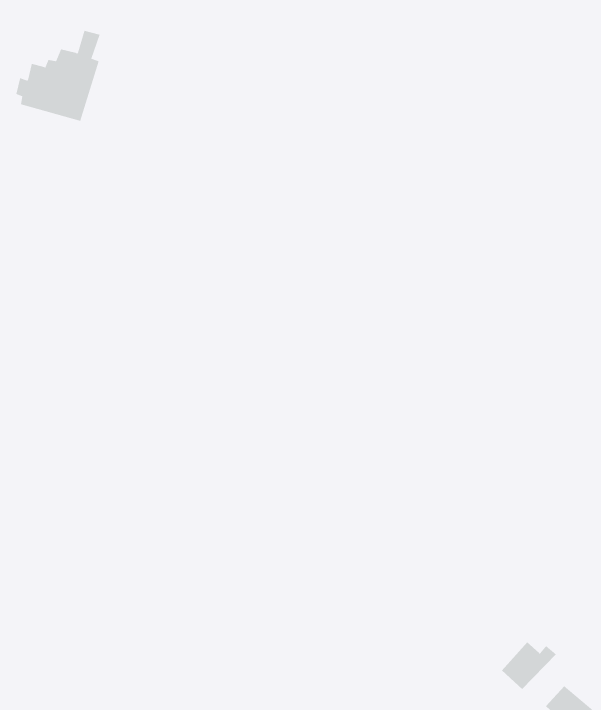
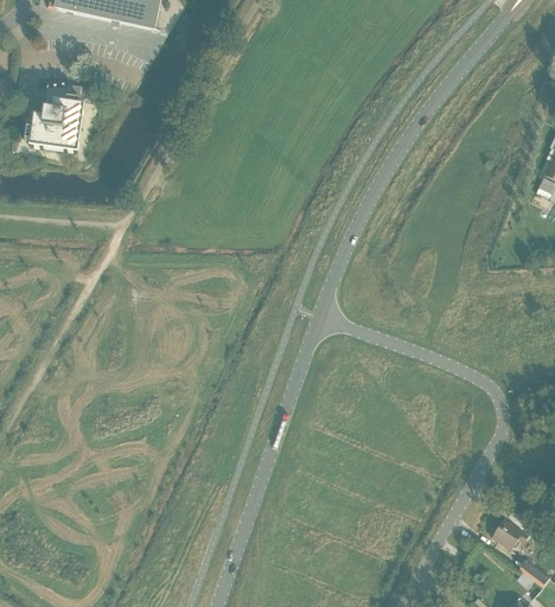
building: [501,641,557,690] -> none

